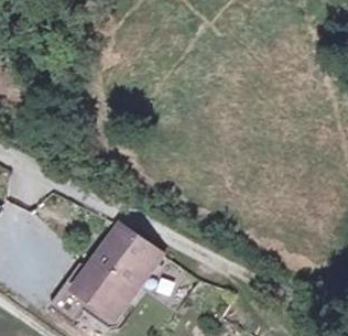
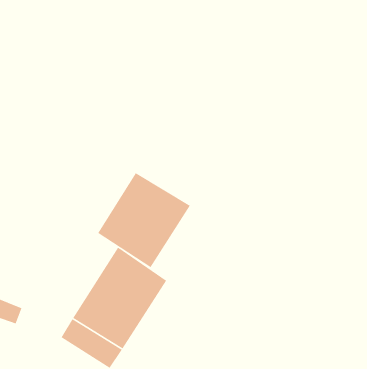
building: none -> [97,172,191,268]

